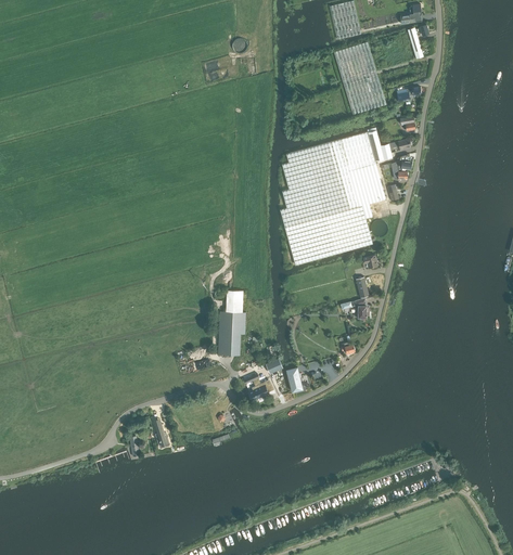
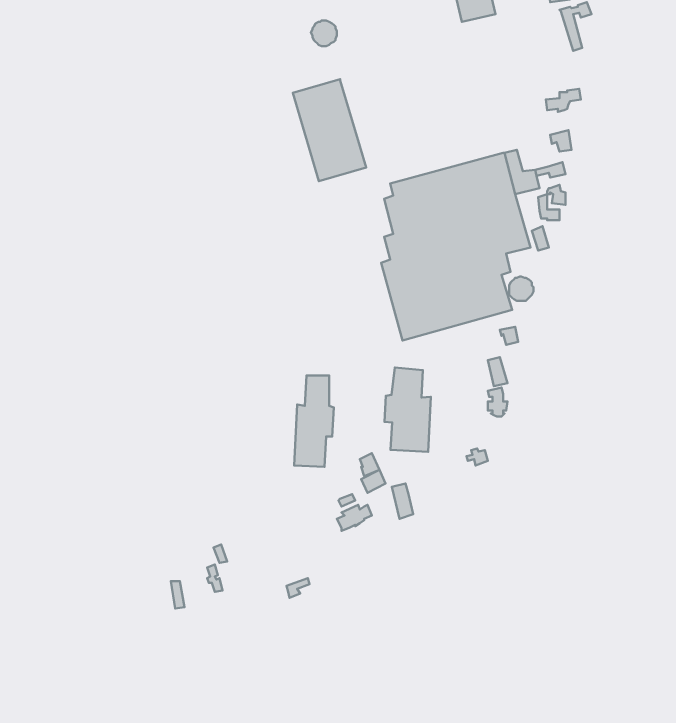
building: [333,42,385,115] -> [293,79,366,181]
building: none -> [385,368,431,452]

